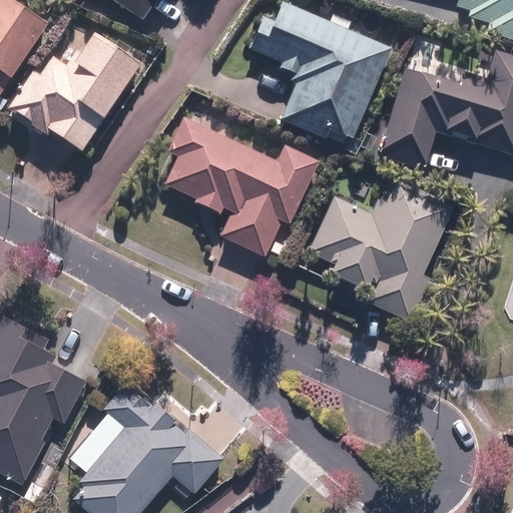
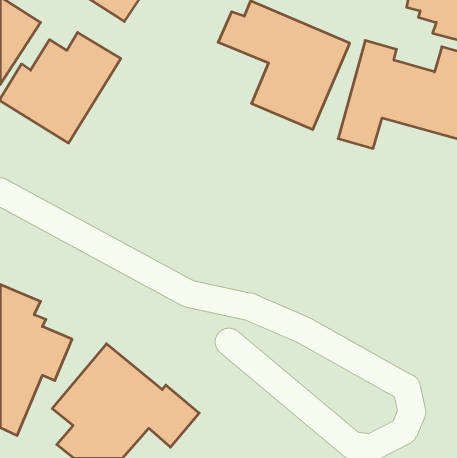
building: [161,117,321,254] -> none
building: [308,182,451,321] -> none

